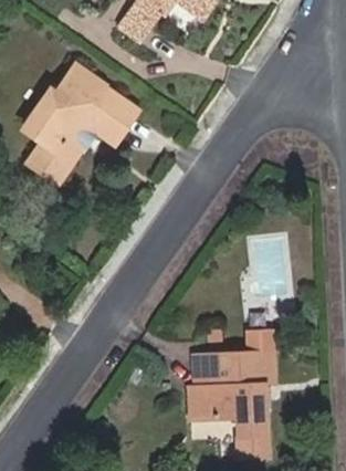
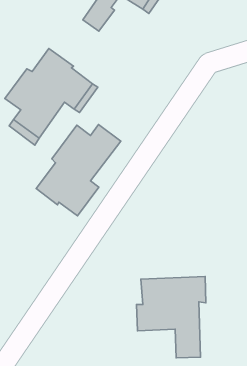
building: none -> [36,124,121,216]

